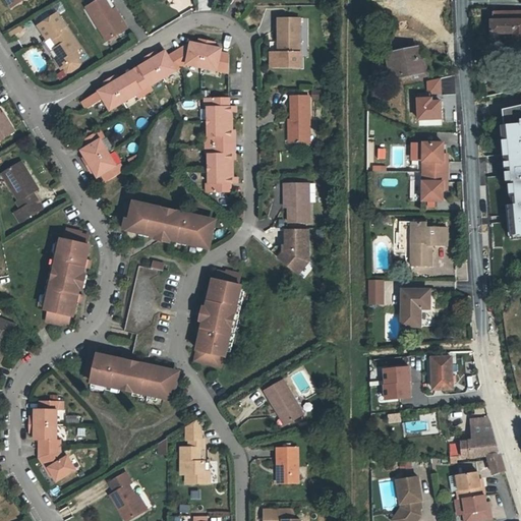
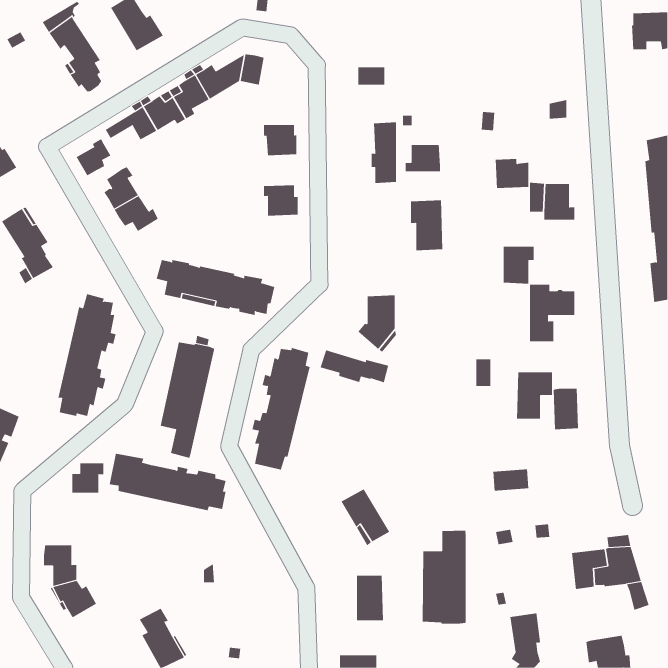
building: [278,17,299,52] -> none
building: [201,45,228,72] -> none
building: [387,48,421,77] -> none
building: [414,96,441,119] -> [495,158,529,188]
building: none -> [76,138,111,176]
building: none -> [405,144,441,172]
building: [205,120,232,144] -> none
building: [206,167,232,191] -> none
building: [422,171,447,200] -> [503,246,534,284]
building: [284,182,309,222] -> [410,200,443,251]
building: none -> [320,350,389,383]
building: [431,356,452,389] -> [553,388,579,430]
building: [383,380,412,398] -> none
building: [35,400,60,423] -> [72,463,104,493]
building: none -> [422,530,466,625]
building: [180,419,210,482] -> none
building: [456,471,483,498] -> none

